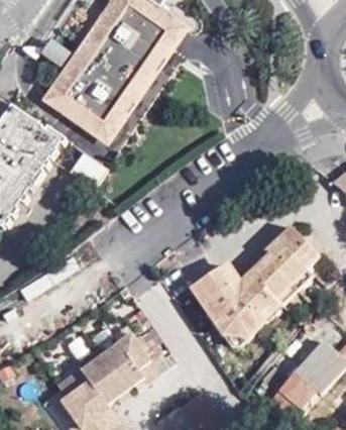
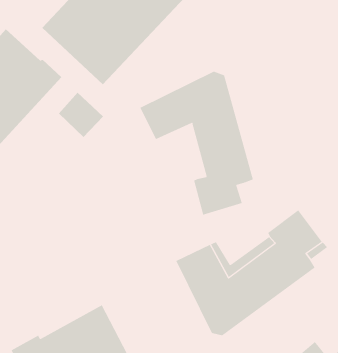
building: none -> [139,71,253,216]

